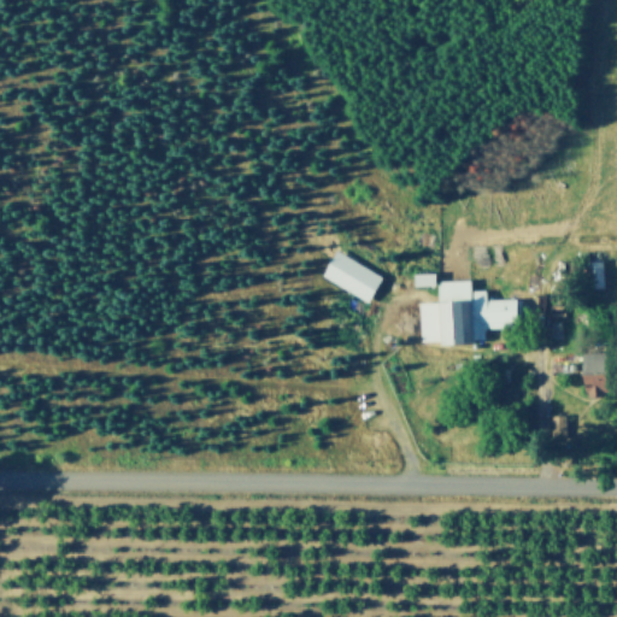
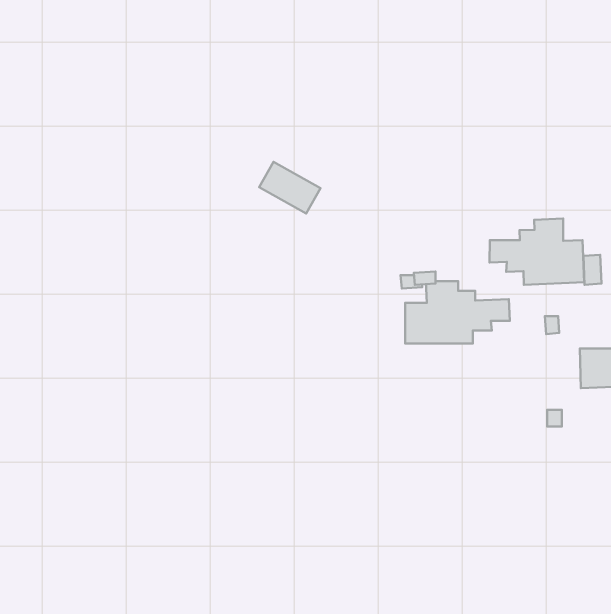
building: none -> [490,219,584,285]
building: [325,251,387,302] -> [259,162,320,214]

